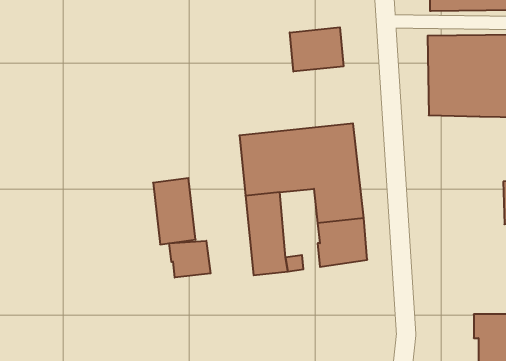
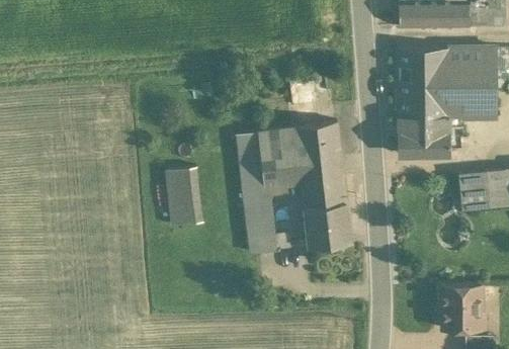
building: [290,27,343,72] -> none
building: none -> [399,116,450,156]
building: [169,241,211,278] -> none

